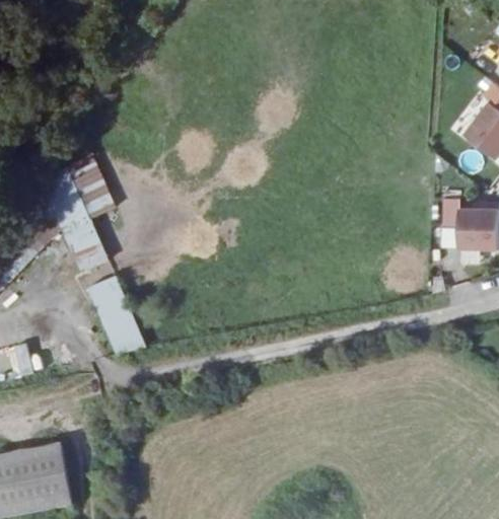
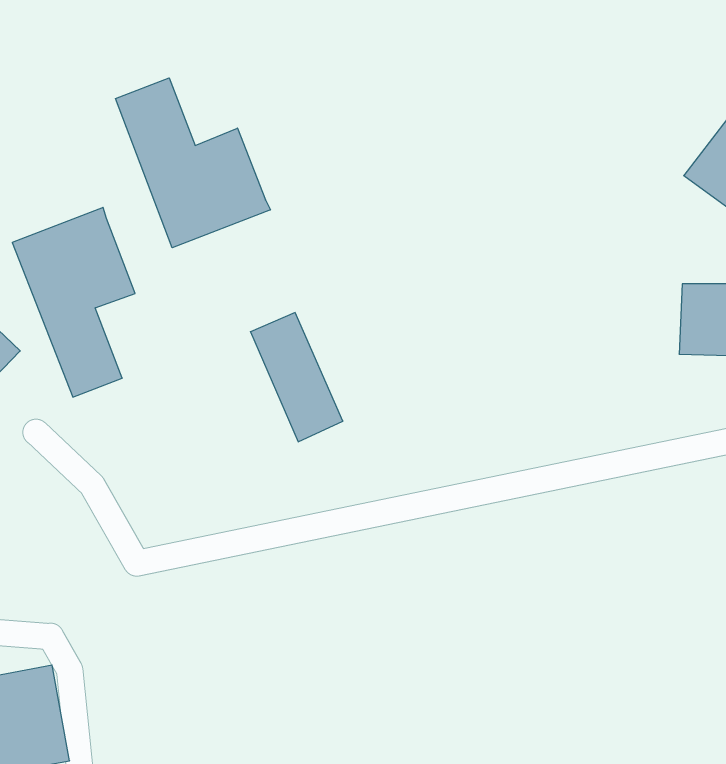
building: none -> [116,78,270,248]
building: [85,275,144,357] -> [250,313,343,442]

